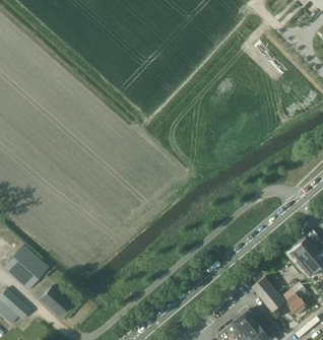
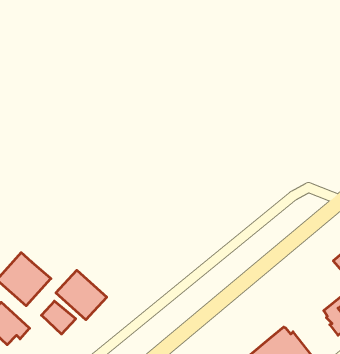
building: none -> [56,270,107,320]
building: [252,276,285,312] -> none

